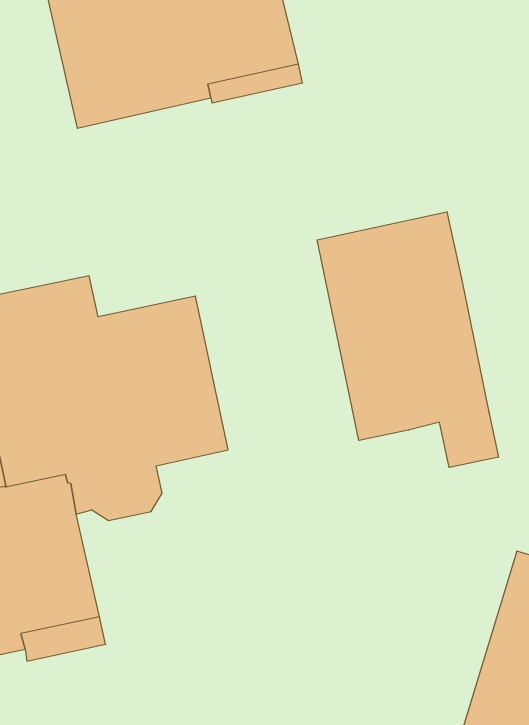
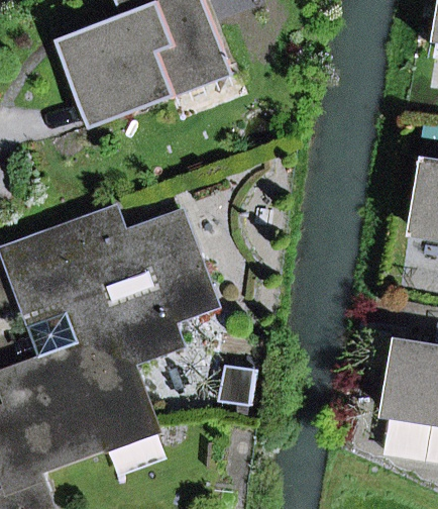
building: [317,212,498,467] -> none

